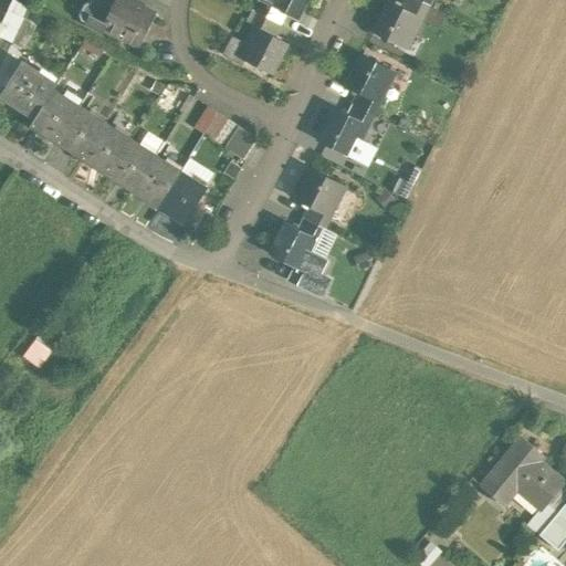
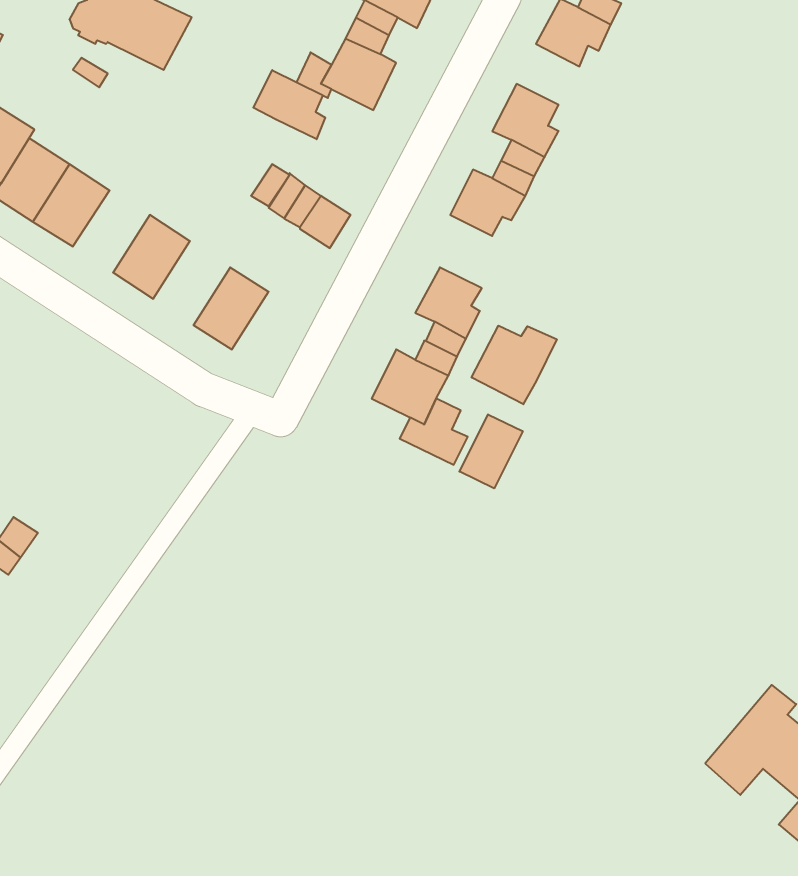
building: none -> [253,70,325,139]
building: [82,123,130,175] -> none
building: [133,155,181,208] -> none
building: none -> [472,326,557,404]
building: none -> [459,414,523,488]

